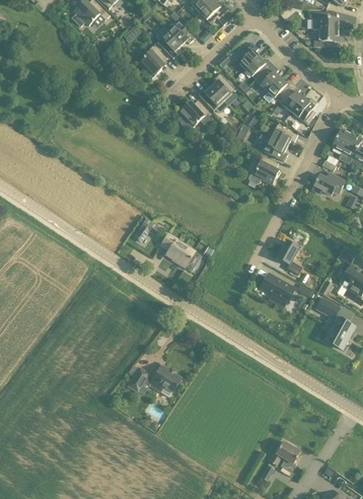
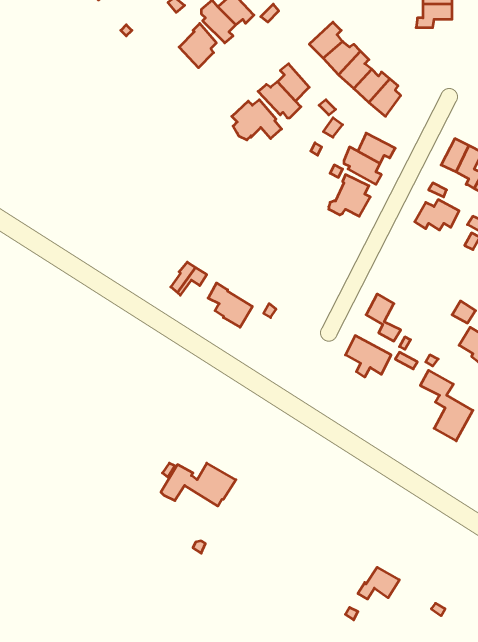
building: [290,96,316,124] -> none

